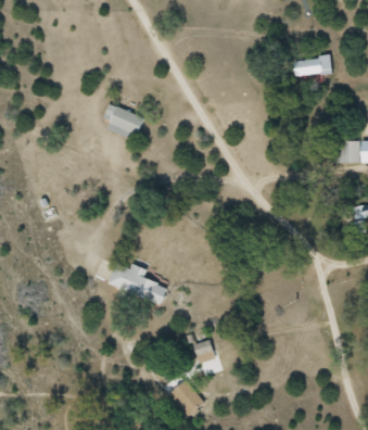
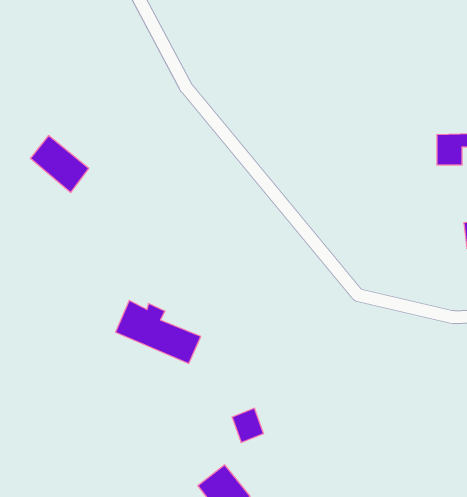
building: [297,54,331,76] -> none
building: [100,100,142,141] -> [30,136,89,192]

